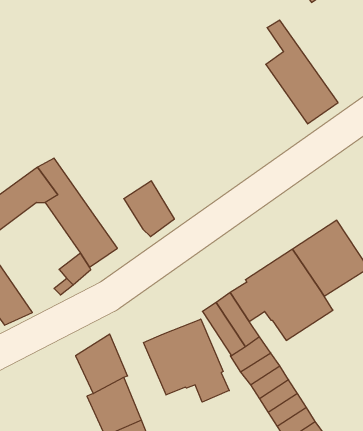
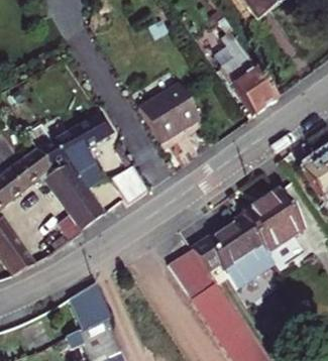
building: none -> [139,81,200,140]
building: none -> [51,110,113,188]
building: [144,319,229,402] -> none

